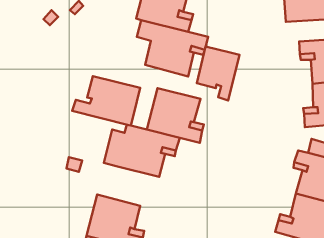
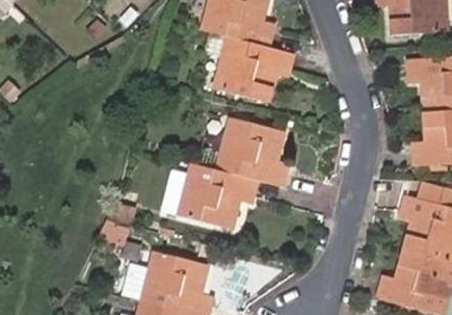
building: [197,46,239,100] -> none
building: [72,76,140,126] -> none

